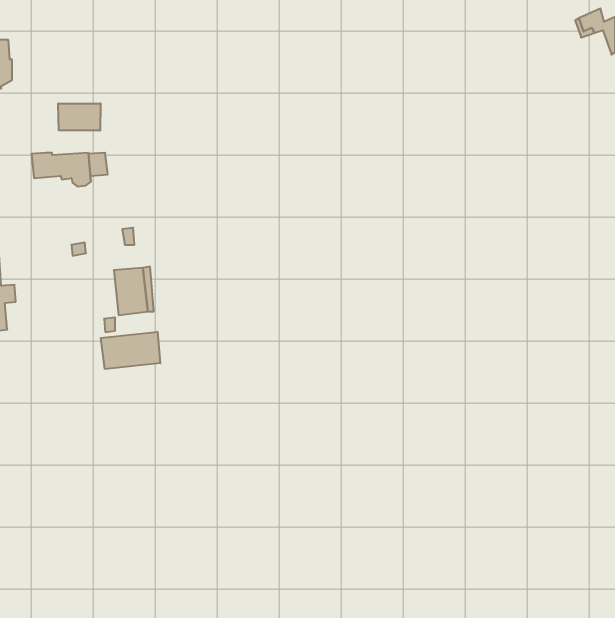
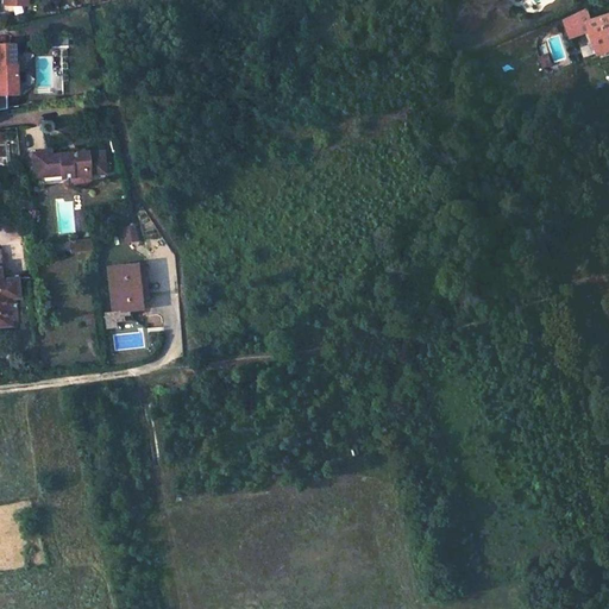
building: [58,103,101,131] -> none
building: [101,332,160,369] -> none

